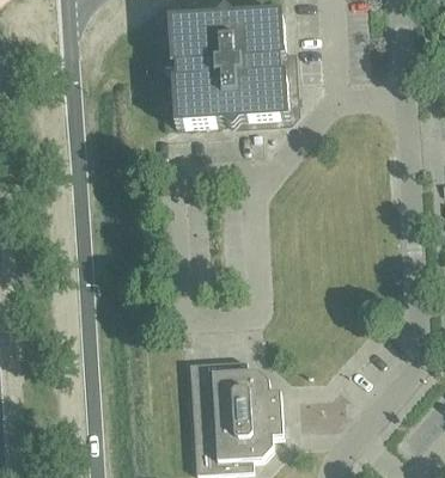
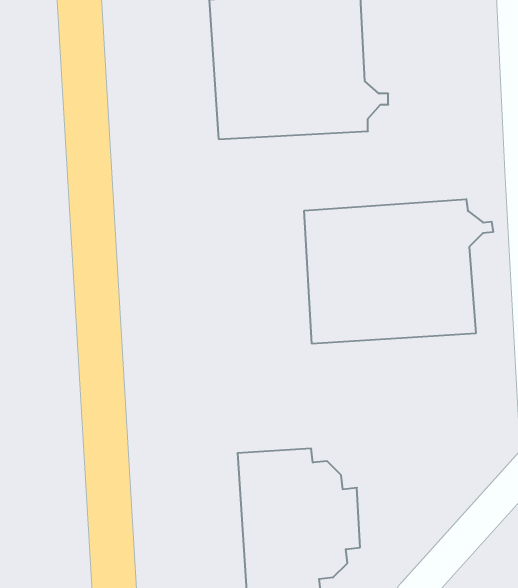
building: none -> [304,199,493,344]

